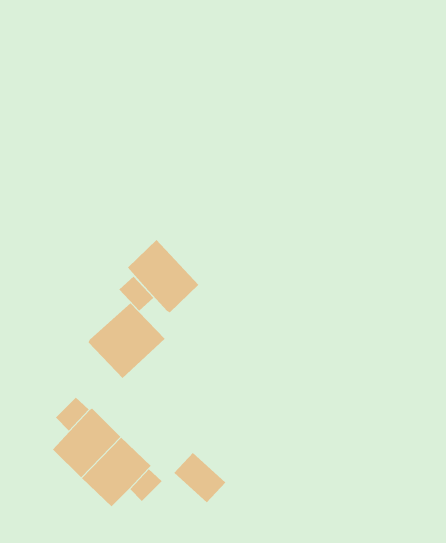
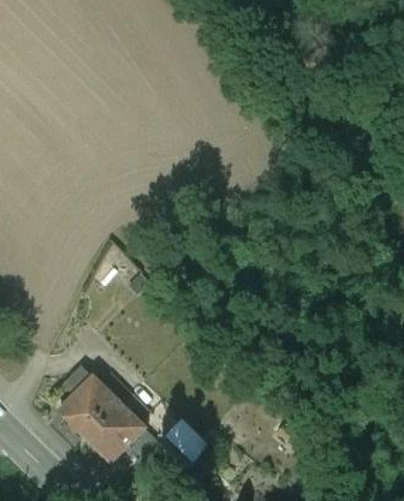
building: [127,239,199,313] -> none
building: [88,303,165,379] -> none

